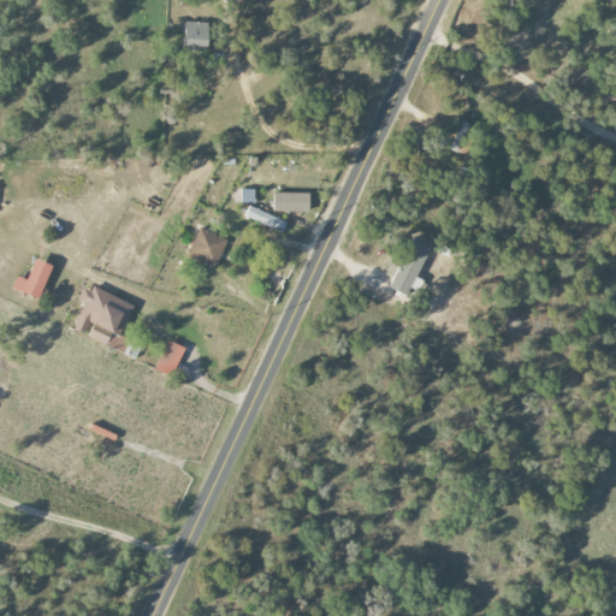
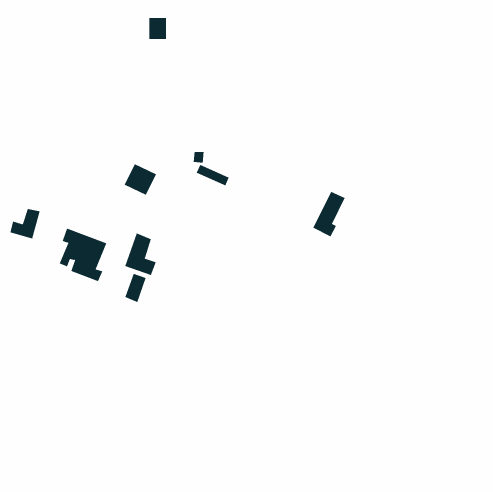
building: [273,191,309,212] -> none
building: [186,227,227,267] -> [124,164,157,195]
building: none -> [124,232,157,276]

